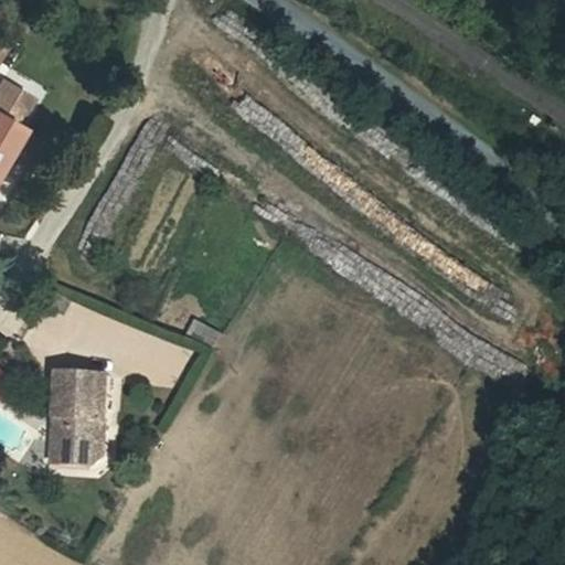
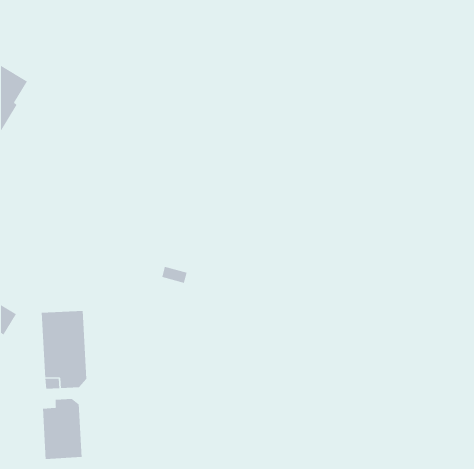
building: none -> [43,398,82,460]

